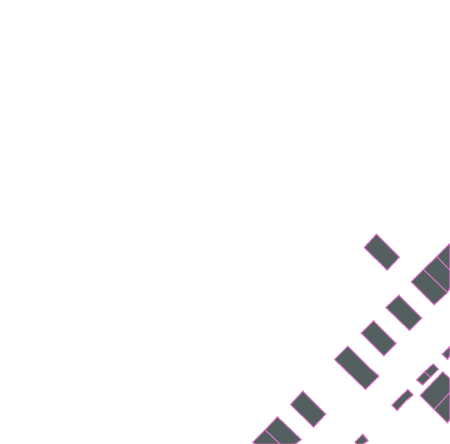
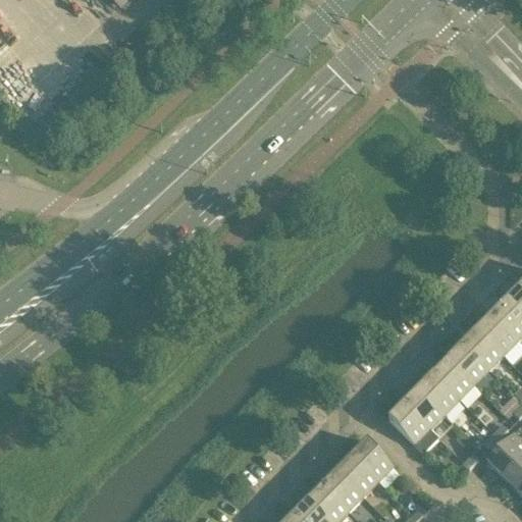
building: [364,234,399,270] -> [462,326,503,368]
building: none -> [432,356,474,398]
building: none -> [403,385,445,427]
building: none -> [351,437,393,479]
building: none -> [321,468,363,509]

